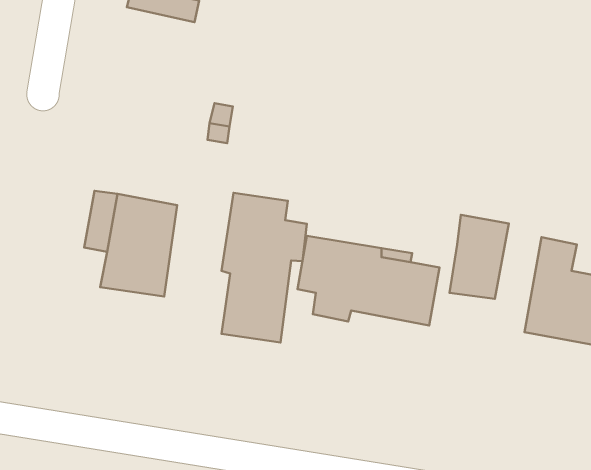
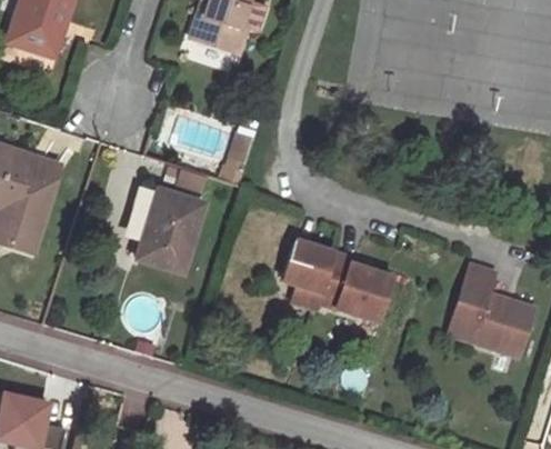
building: [221,193,307,343] -> none
building: [450,215,509,299] -> none

